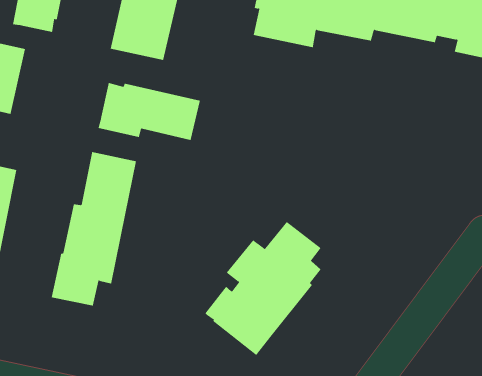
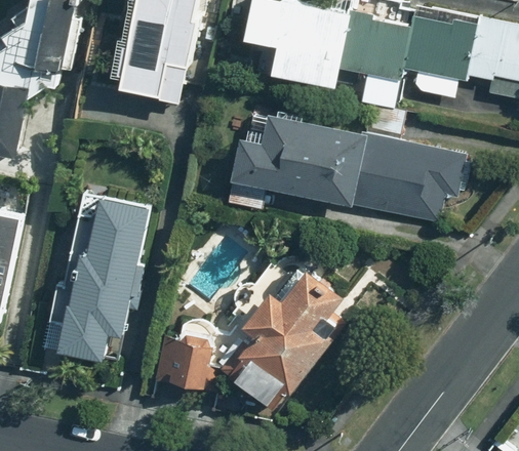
building: none -> [225,113,464,222]
building: [98,82,200,141] -> none
building: none -> [152,333,221,394]

